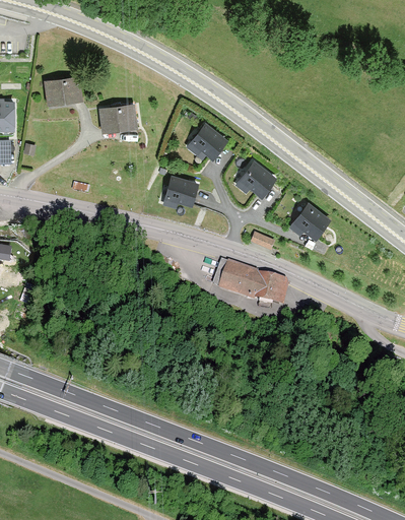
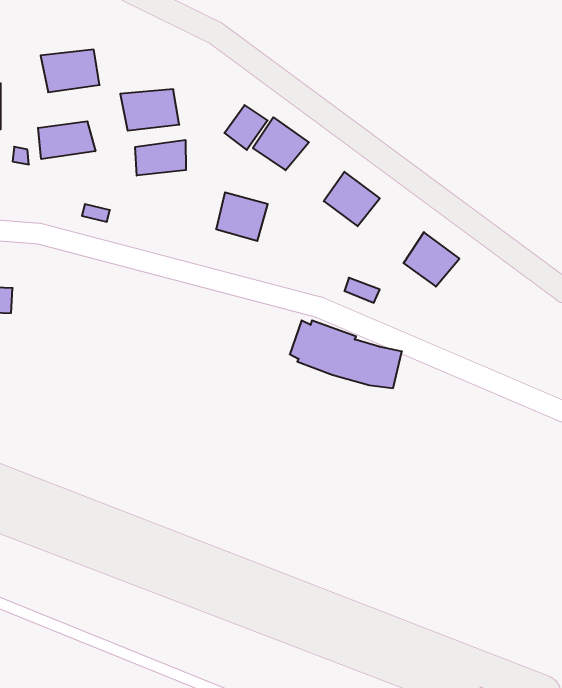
building: none -> [224,105,268,150]
building: none -> [38,121,95,159]
building: none -> [135,140,186,176]

